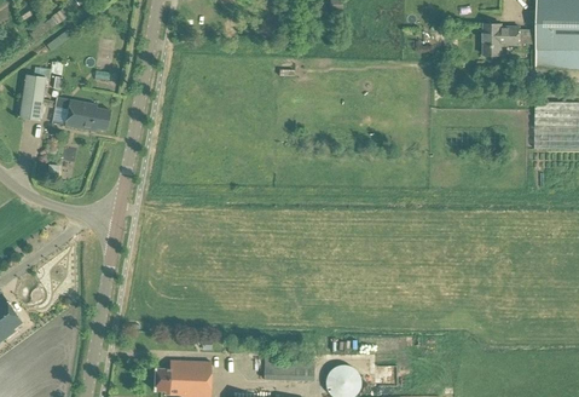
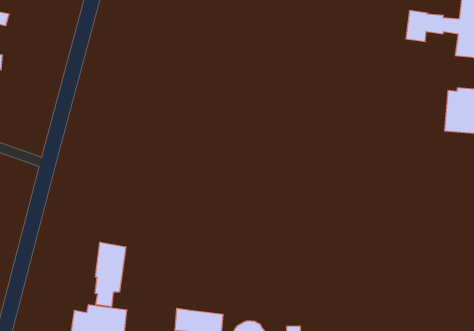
building: [65,100,110,131] -> none
building: none -> [95,242,126,307]

